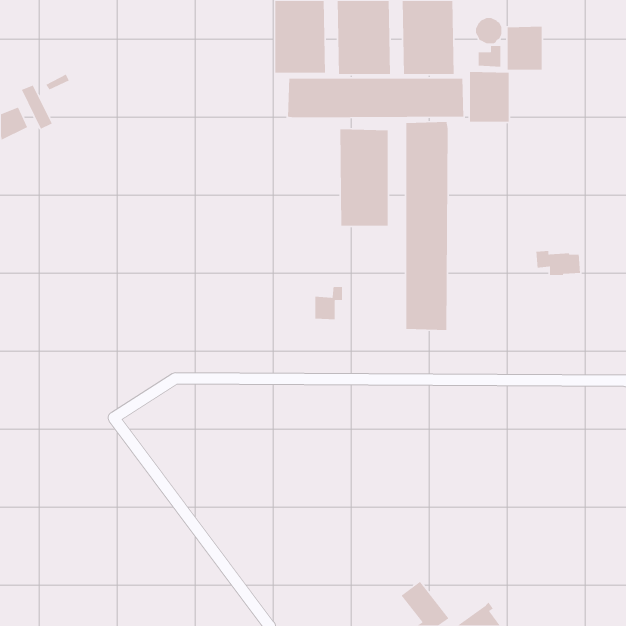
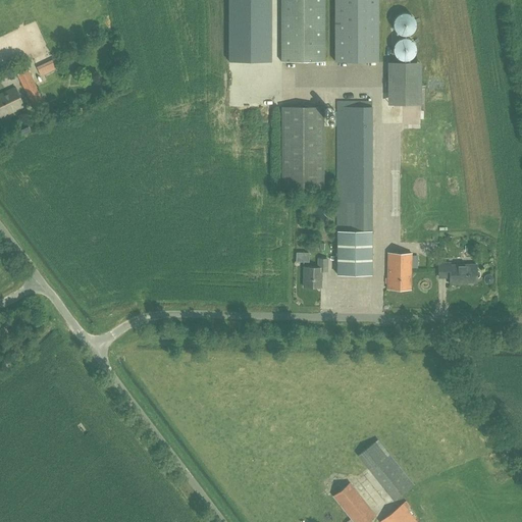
building: [507,26,542,70] -> none
building: [287,78,464,118] -> none
building: [536,250,581,276] -> [439,262,477,283]
building: [315,286,343,320] -> [304,259,327,288]
building: none -> [387,253,418,290]
building: none -> [358,439,414,500]

